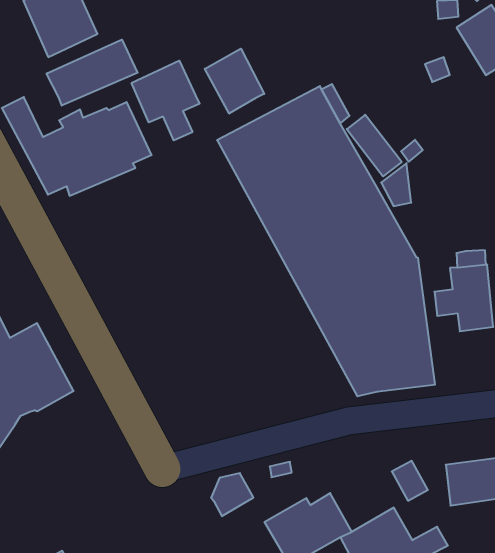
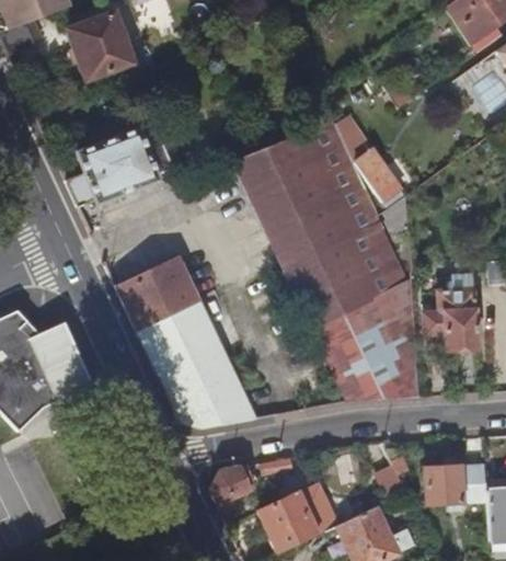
building: [47,40,138,106] -> none
building: [205,49,264,114] -> none
building: [132,61,200,140] -> none
building: none -> [116,255,254,427]

